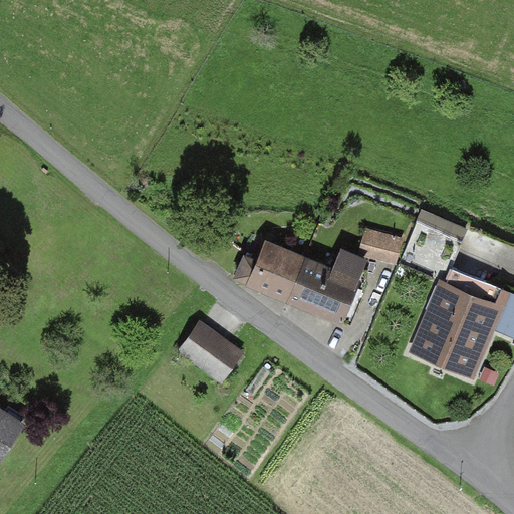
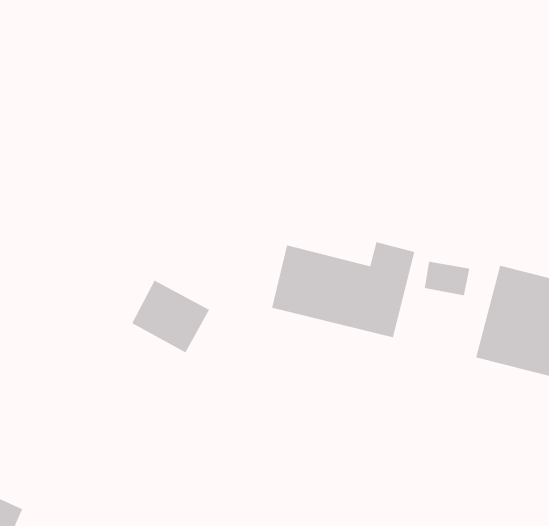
building: [359,226,400,259] -> [424,261,470,296]
building: [177,319,243,383] -> [131,280,210,353]

